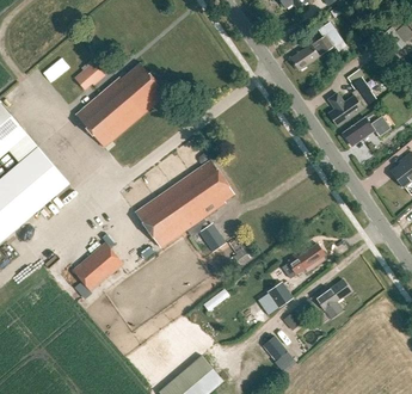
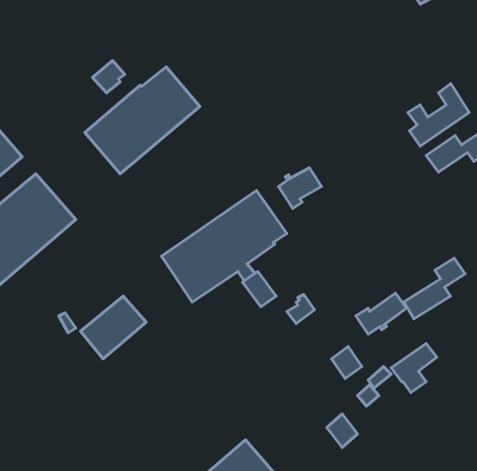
building: [290,23,342,69] -> none
building: none -> [278,168,321,209]
building: none -> [404,258,465,319]

